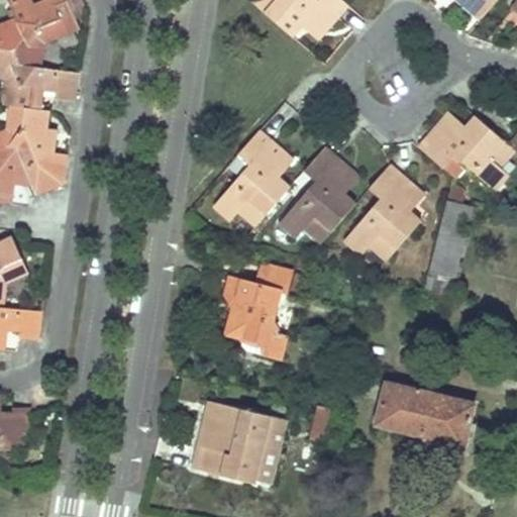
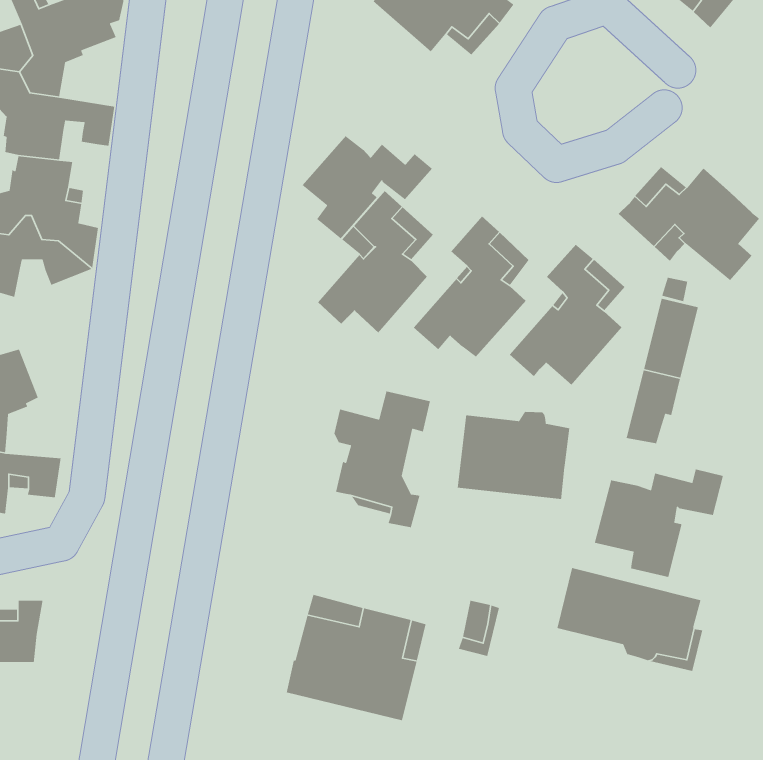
building: none -> [301,135,433,239]
building: none -> [457,410,570,500]
building: none -> [594,469,724,578]

